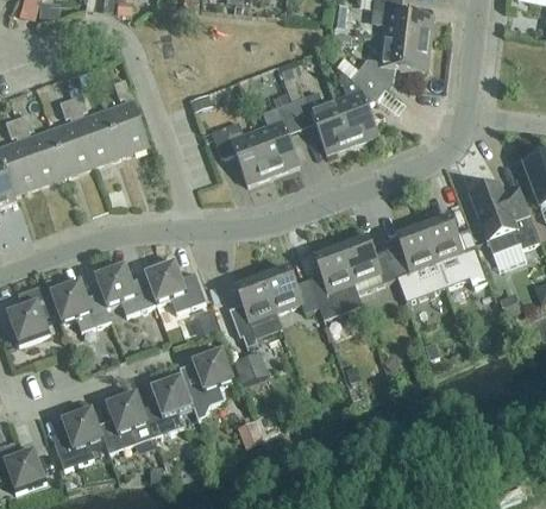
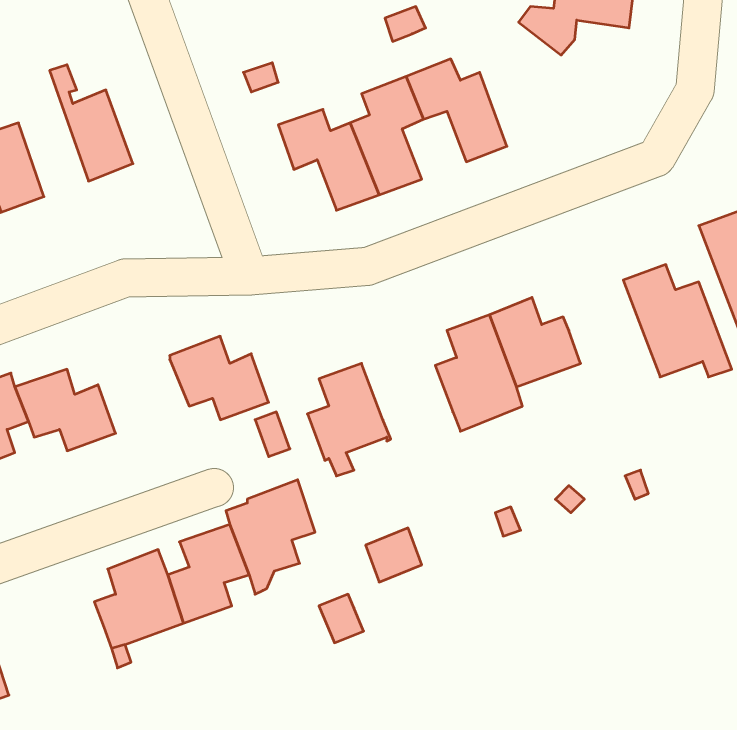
building: [335,68,385,144] -> none
building: [106,78,150,155] -> none
building: [52,98,95,175] -> none
building: [390,226,446,301] -> none
building: [95,264,157,314] -> none
building: [263,266,319,312] -> none
building: [234,350,269,383] -> [366,528,422,582]
building: [54,408,105,469] -> none

